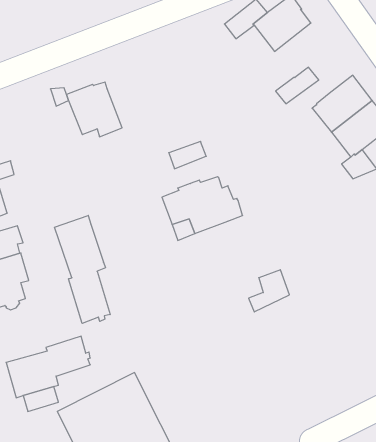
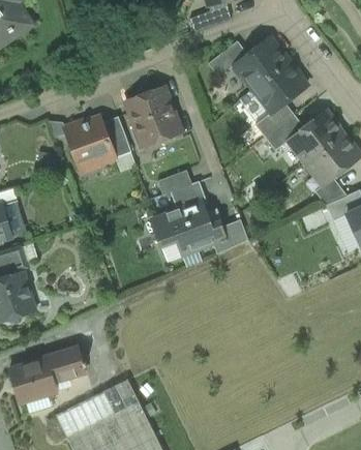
building: none -> [253,63,306,113]
building: none -> [125,87,181,148]
building: none -> [264,115,303,151]
building: none -> [101,117,130,158]
building: none -> [171,182,206,209]
building: [54,215,110,323] -> none
building: [249,270,289,312] -> [211,217,248,256]

